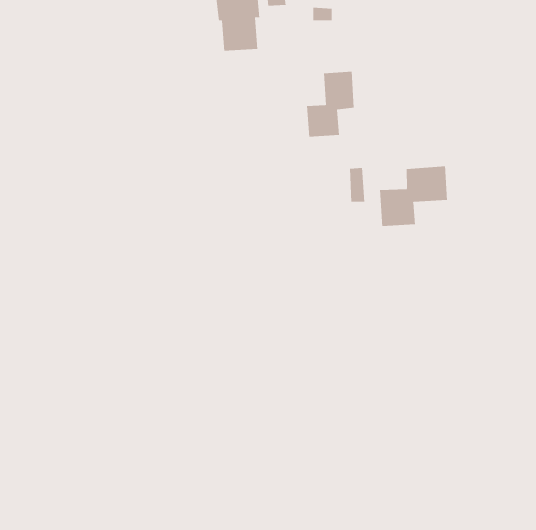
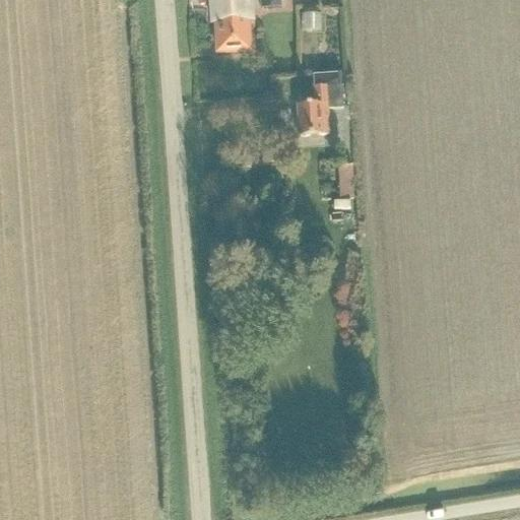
building: [379,166,448,227] -> none

